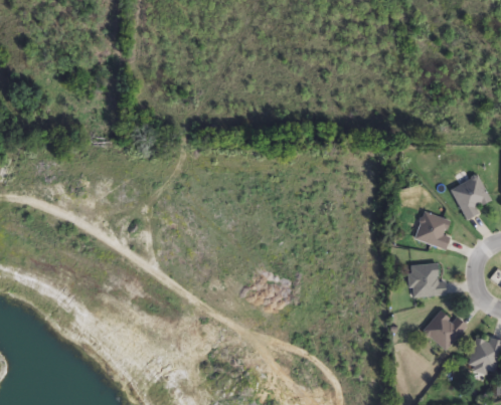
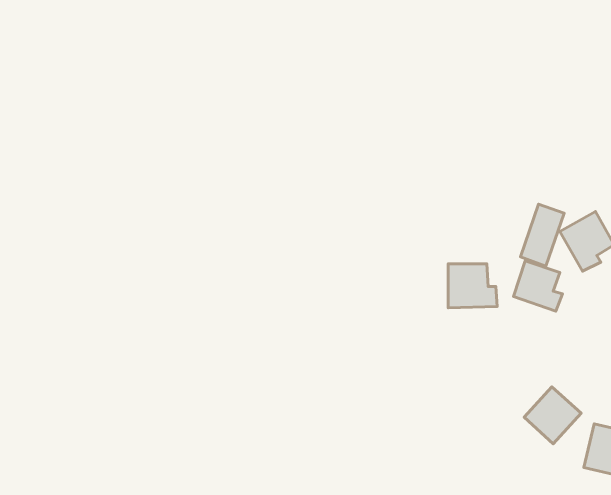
building: none -> [520,204,564,266]
building: [409,263,447,296] -> [448,264,497,308]

